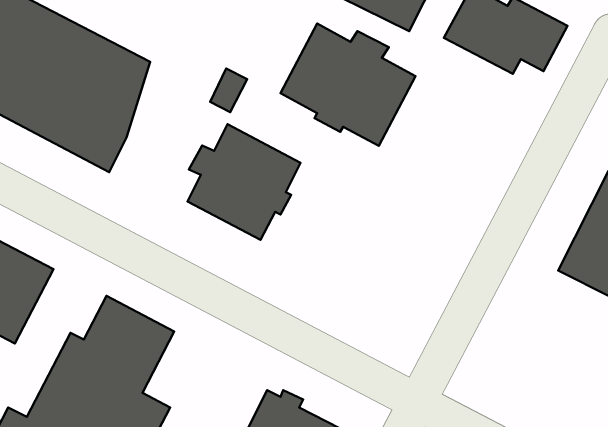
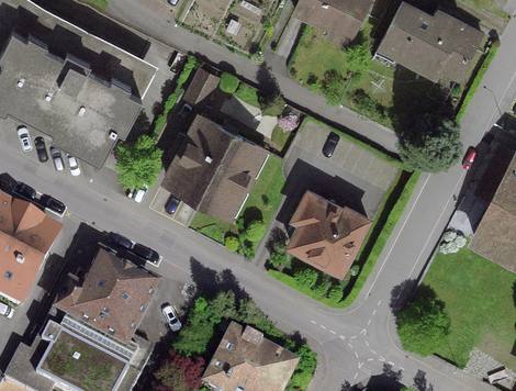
building: [280,23,415,146] -> none
building: none -> [289,190,366,269]

